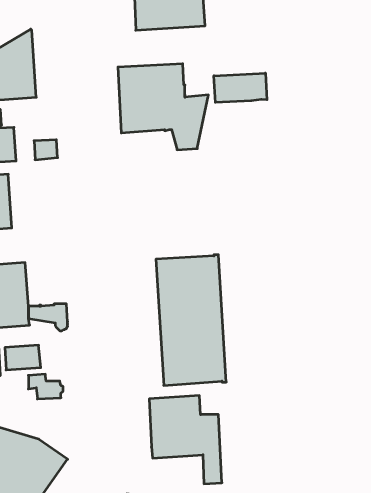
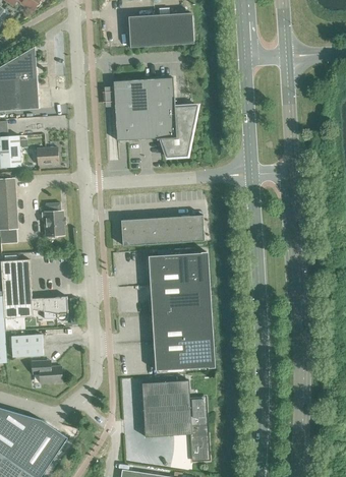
building: [214,73,267,102] -> none
building: none -> [46,202,64,236]
building: none -> [121,216,205,246]

